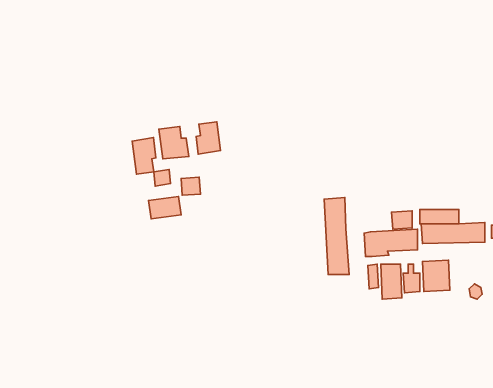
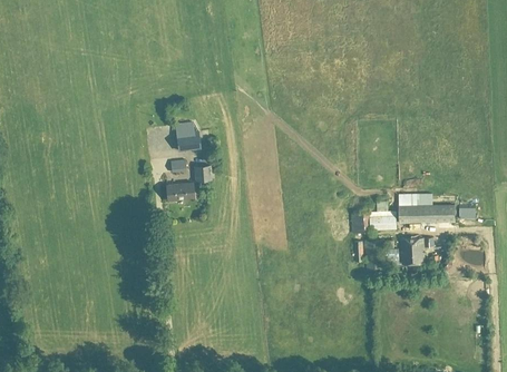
building: [196,122,221,154] -> none
building: [132,137,156,174] -> none
building: [324,197,349,275] -> none

